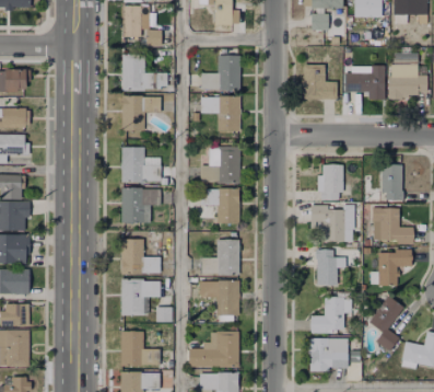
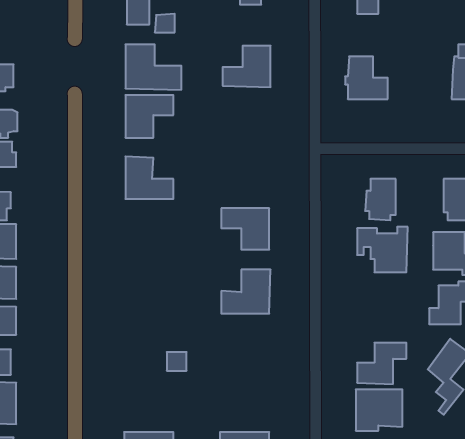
building: [345,66,384,100] -> none
building: [200,97,239,132] -> none
building: [199,148,239,182] -> none
building: [120,188,160,223] -> none
building: [120,240,161,275] -> none
building: [317,250,347,286] -> none
building: [120,280,160,316] -> none
building: [200,283,239,315] -> none
building: [120,332,160,367] -> none
building: [189,332,239,368] -> none

